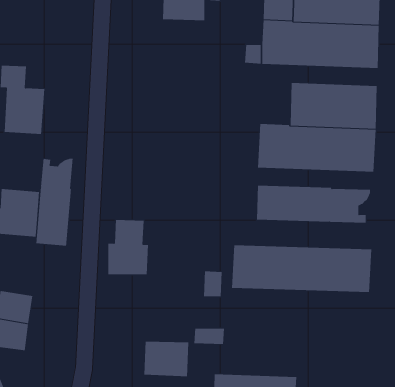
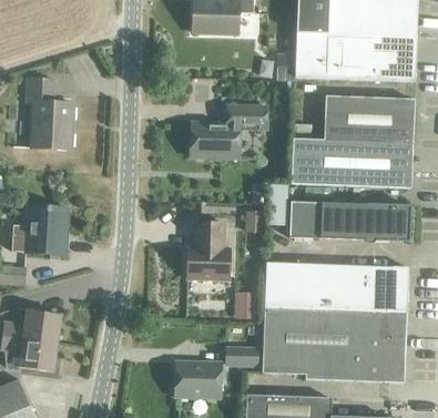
building: none -> [190,105,267,159]
building: [36,158,73,246] -> none
building: [108,219,149,275] -> [187,223,230,279]
building: none -> [262,307,406,383]

